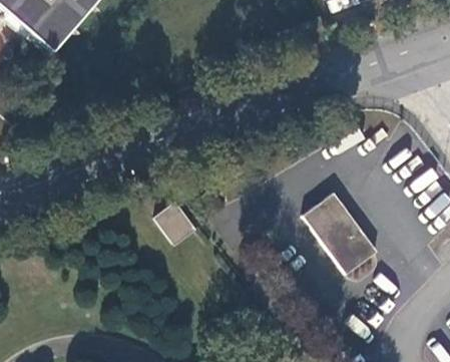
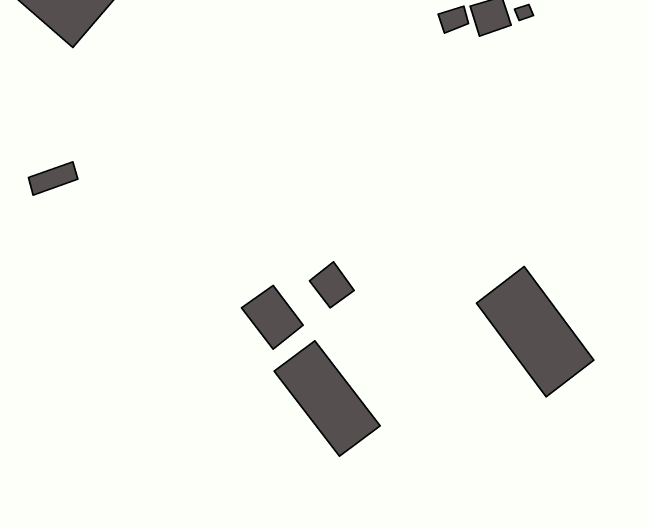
building: none -> [274,341,380,456]

